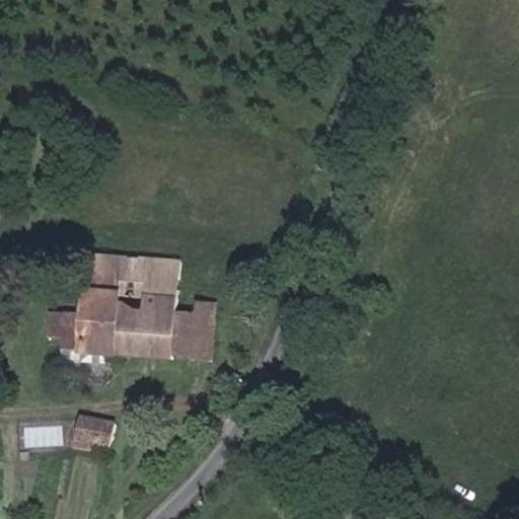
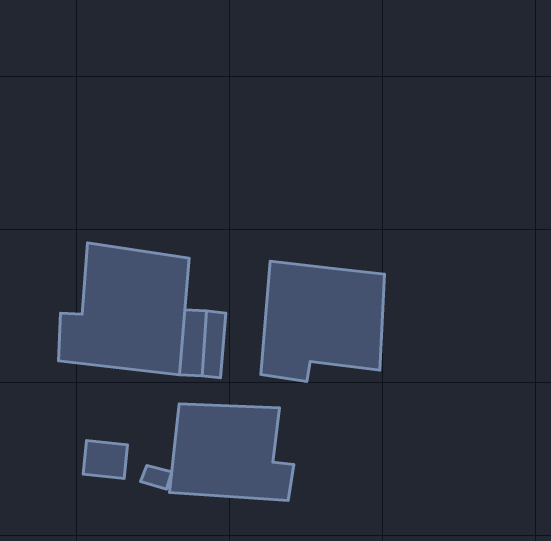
building: none -> [261,261,384,382]
building: none -> [170,404,294,500]

